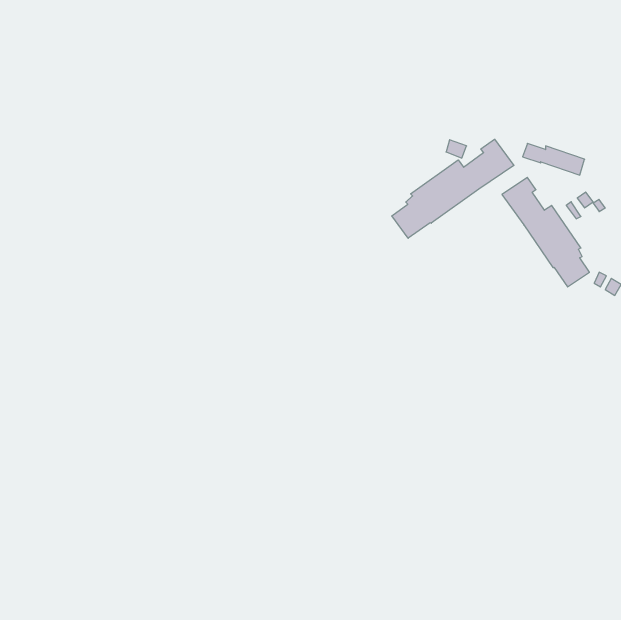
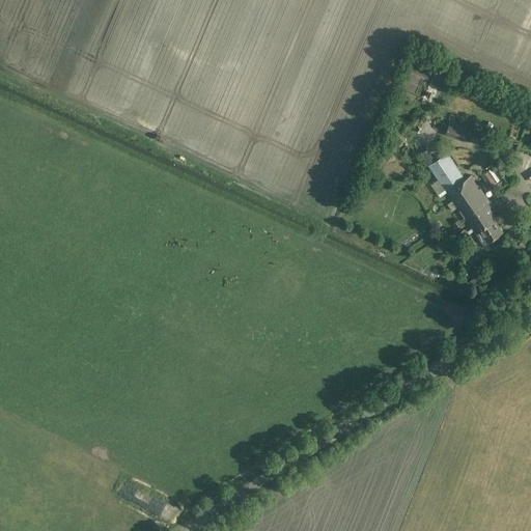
building: [392,139,514,238] -> none

